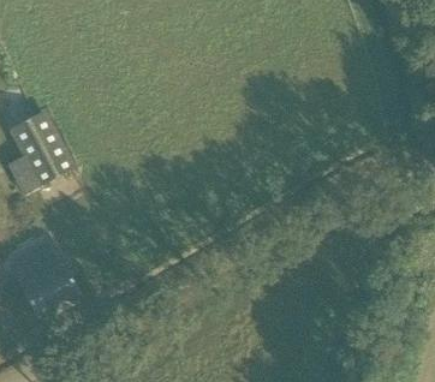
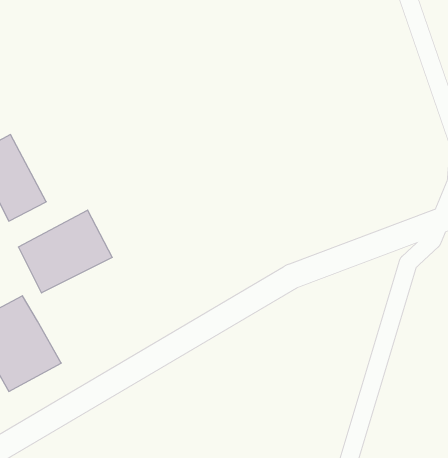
building: none -> [18,210,112,293]

